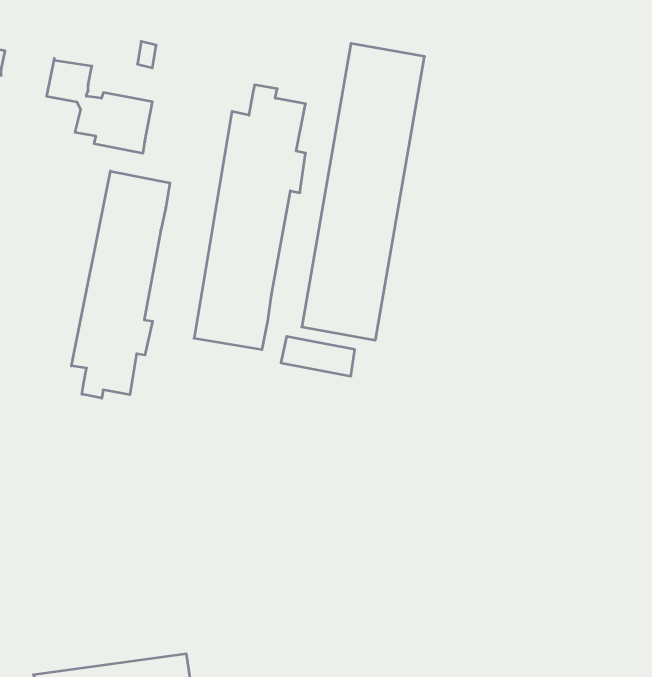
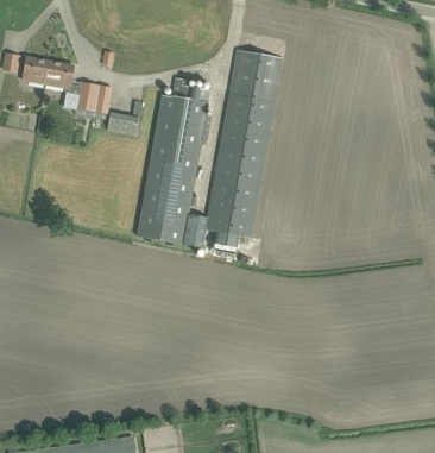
building: none -> [21,56,49,83]
building: none -> [106,100,140,134]
building: [71,171,170,398] -> none

